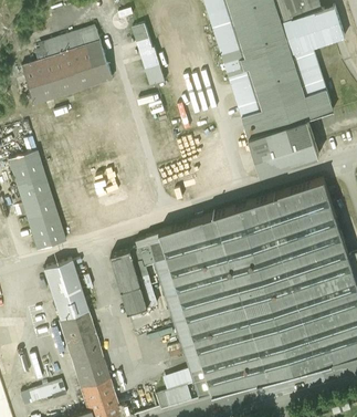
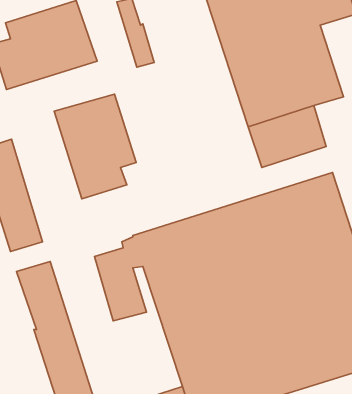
building: none -> [54,94,136,199]

